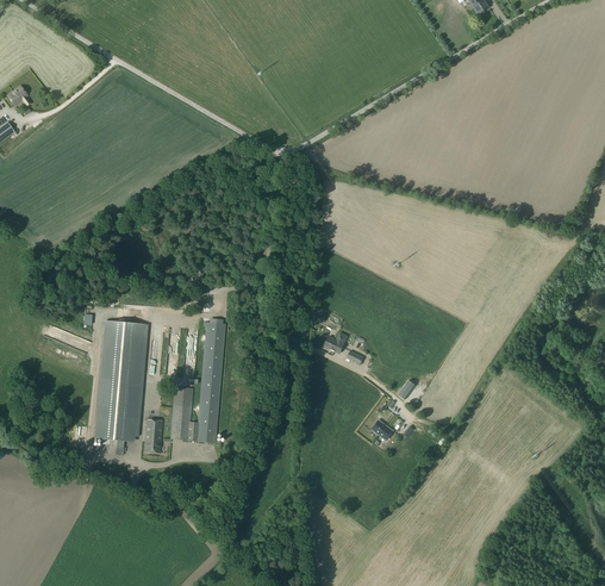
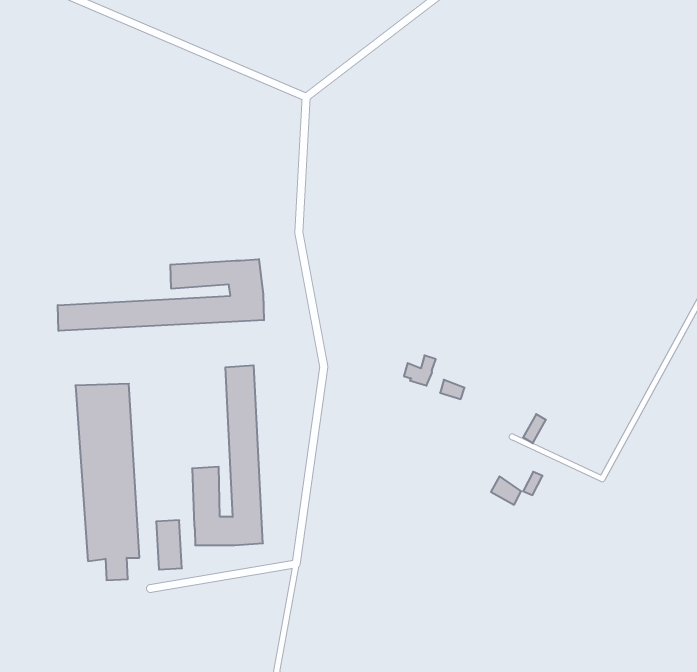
building: none -> [58,259,264,331]

